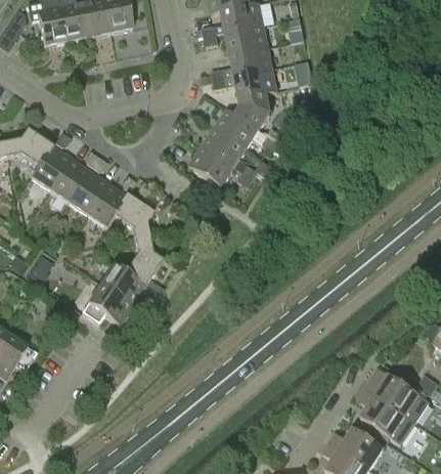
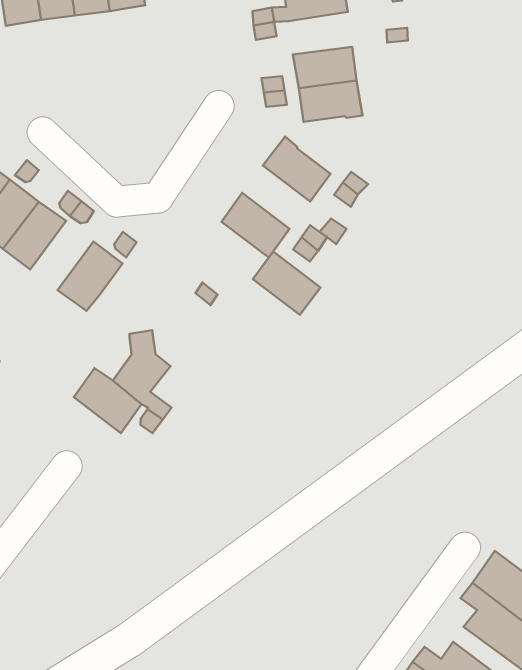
building: [225,24,267,53] -> none
building: [235,91,269,129] -> none
building: [202,126,246,166] -> [253,252,320,315]
building: [68,169,107,214] -> none
building: [114,195,152,240] -> none
building: [81,283,132,324] -> none

